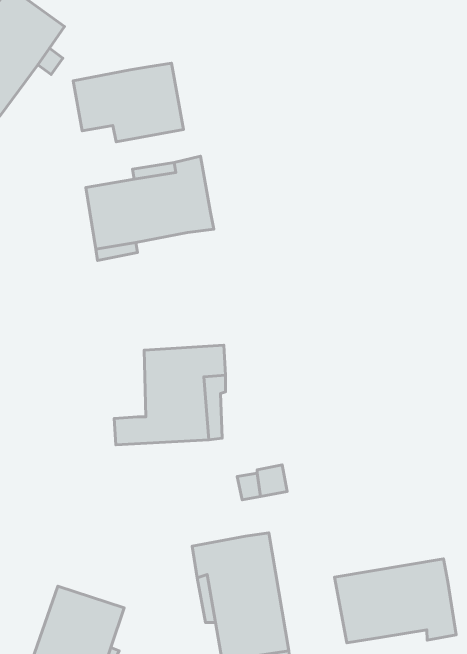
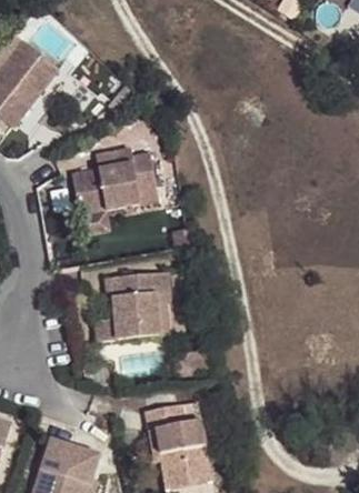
building: [73,63,184,142] -> none
building: [335,559,456,643] -> none

